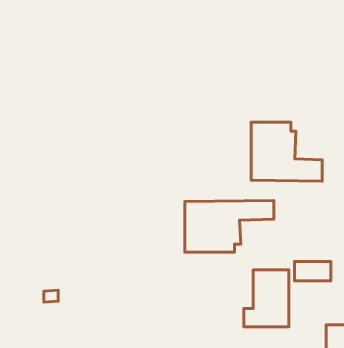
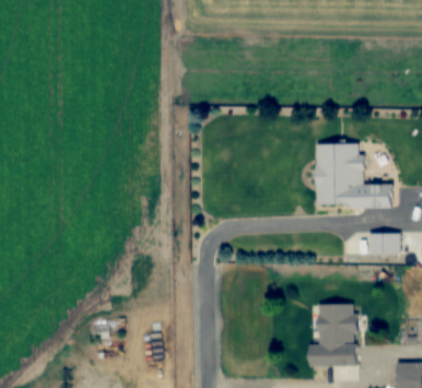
building: [185,201,274,252] -> none
building: [294,261,331,281] -> [367,234,407,255]

